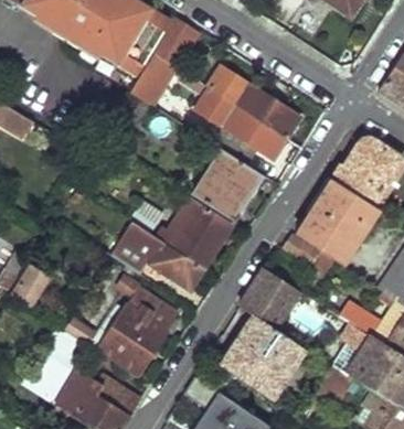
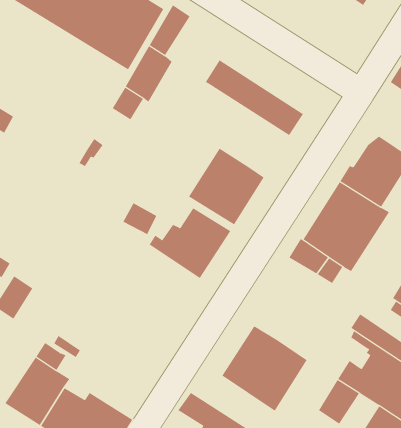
building: [198,90,286,168] -> none
building: [121,224,203,290] -> none
building: [240,268,299,328] -> none
building: [98,281,178,376] -> none

